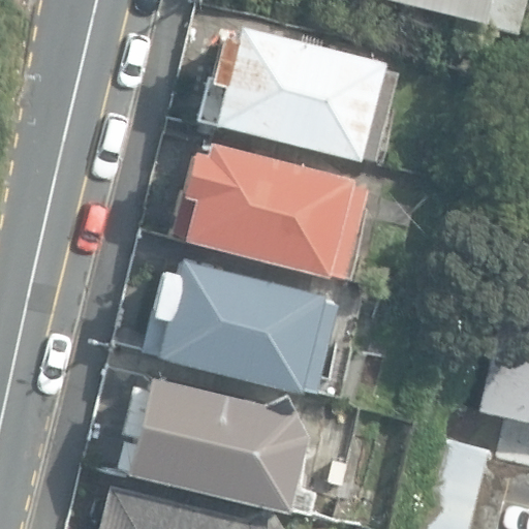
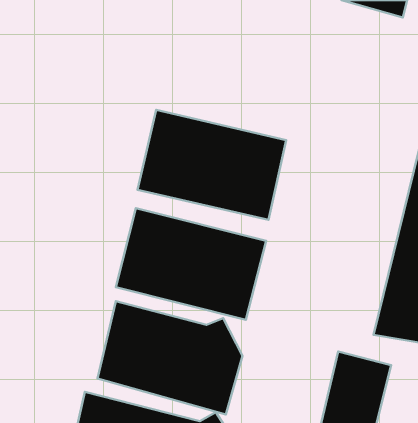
building: [206,27,405,163] -> none

